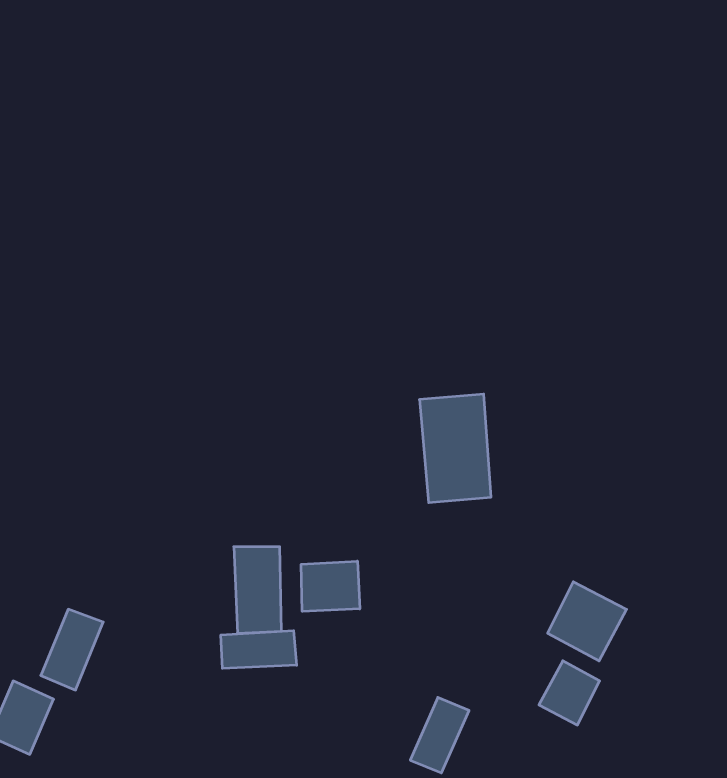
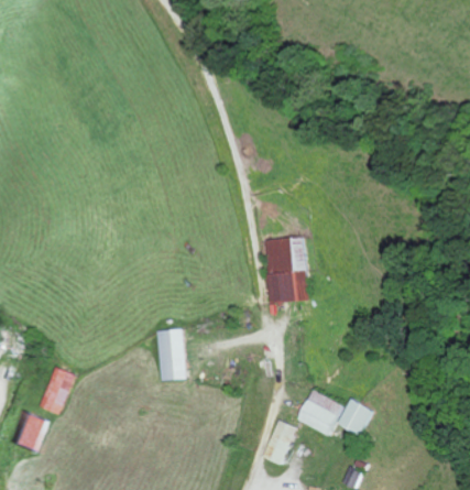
building: [301,561,360,611] -> none
building: [548,582,627,661] -> [297,389,345,436]
building: [221,631,297,668] -> none

